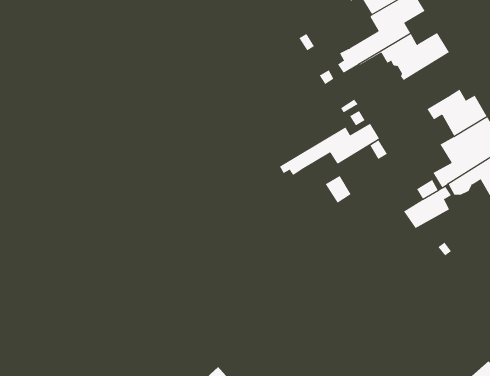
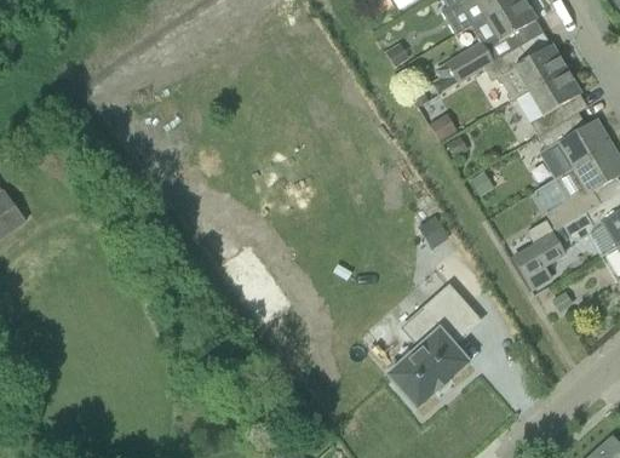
building: none -> [511,68,581,136]
building: [279,123,380,176] -> none
building: none -> [389,286,480,408]

